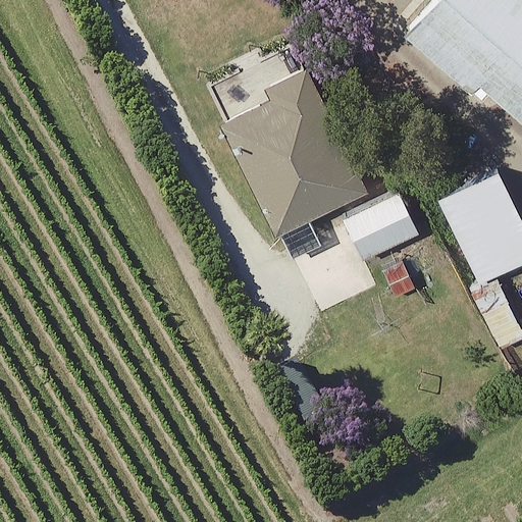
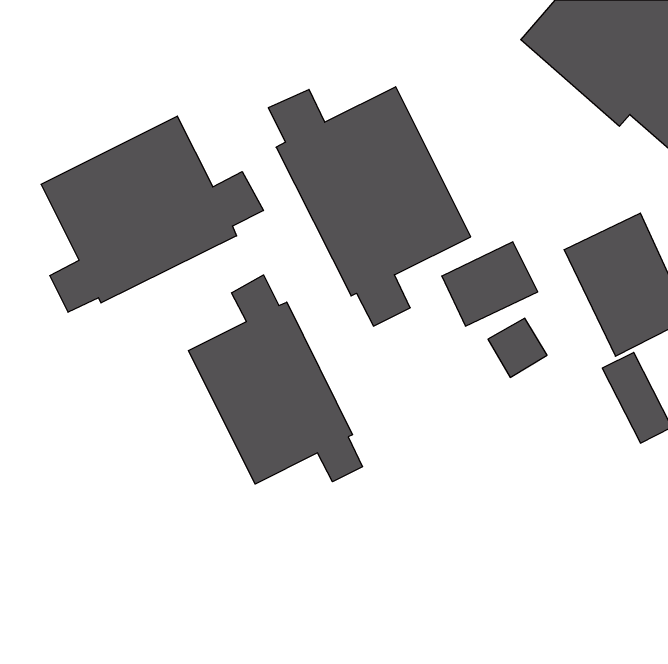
building: none -> [41,116,263,312]
building: none -> [188,275,363,484]

